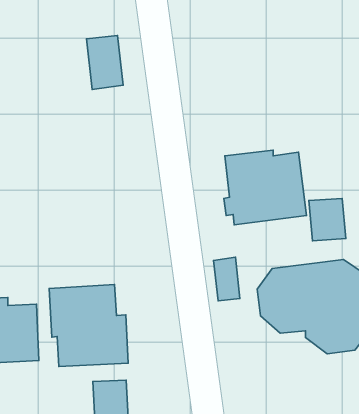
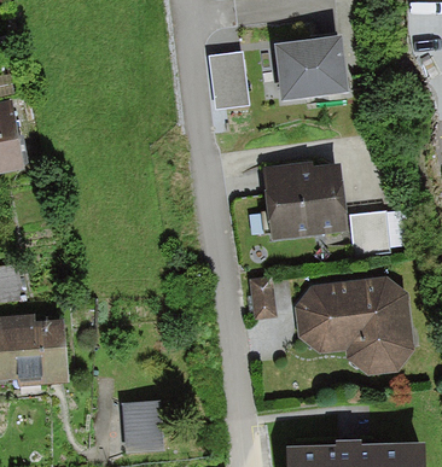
building: none -> [273,34,349,99]
building: [86,36,123,90] -> [209,52,248,109]
building: [49,285,128,366] -> none

